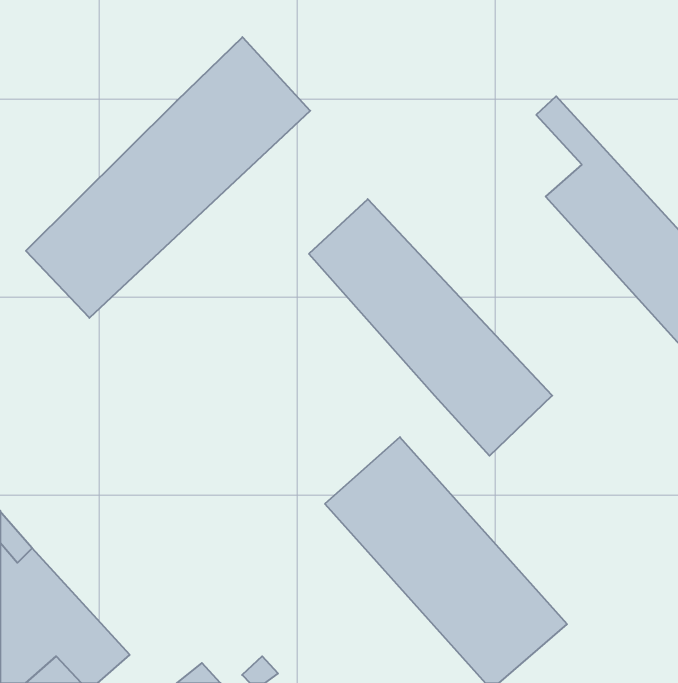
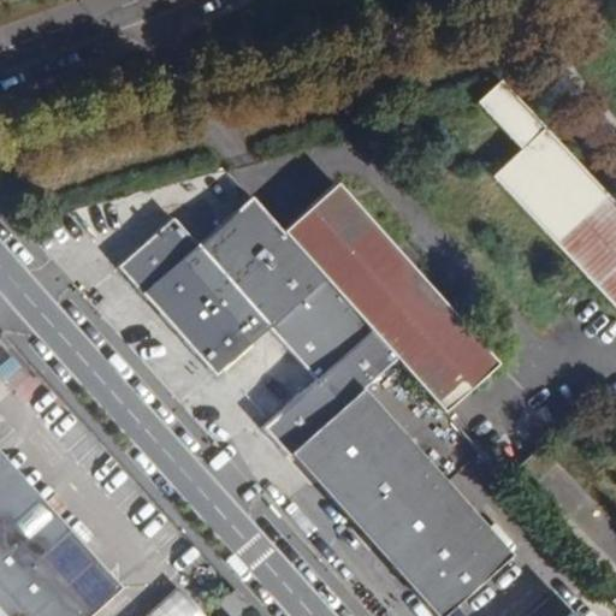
building: [26,37,310,318] -> none
building: none -> [119,192,396,454]

